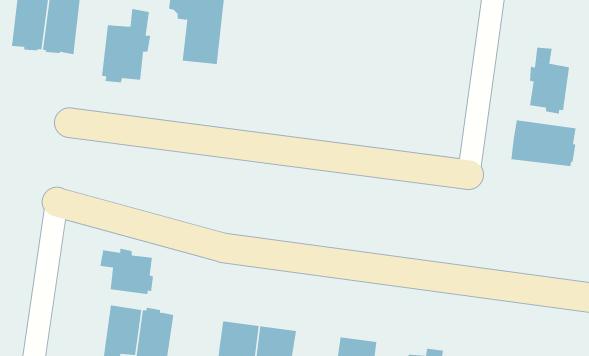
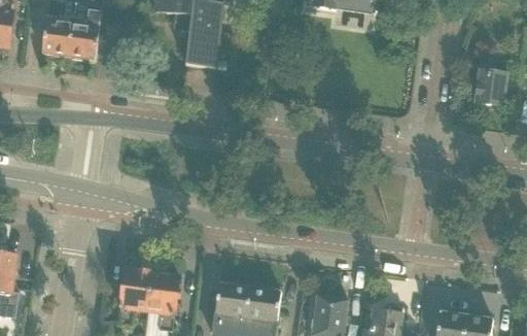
building: [102,8,151,83] -> none
building: [511,119,576,167] -> none
building: [100,248,153,295] -> none

